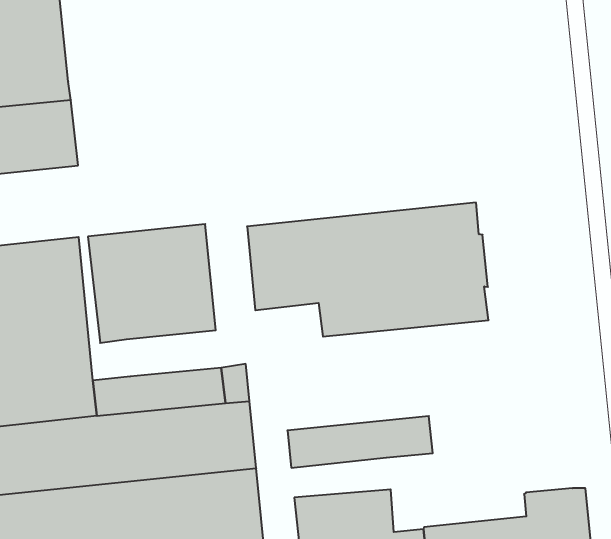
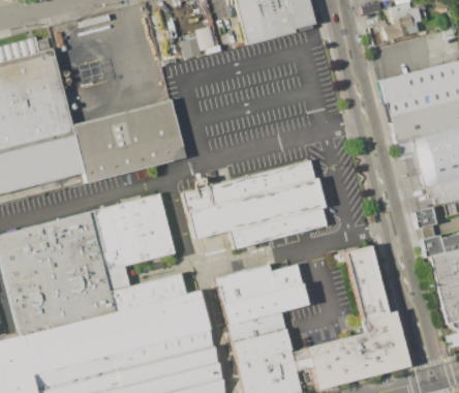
building: none -> [71,99,186,182]
building: none -> [90,211,130,292]
building: none -> [335,246,389,320]
building: none -> [217,265,302,304]
building: none -> [228,311,286,341]

